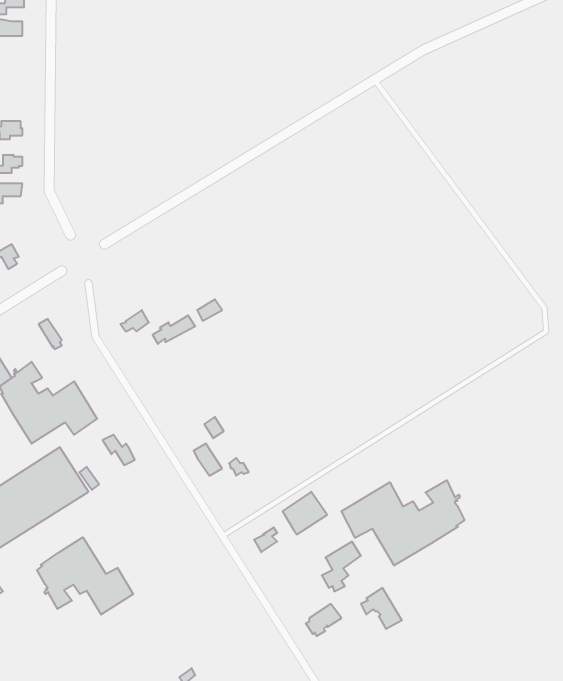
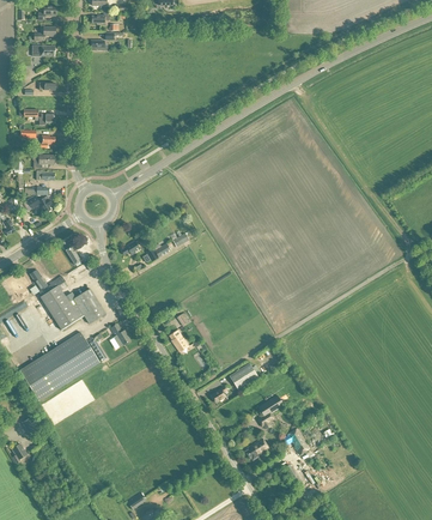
building: [341,480,464,566] -> none
building: [37,537,133,615] -> none

